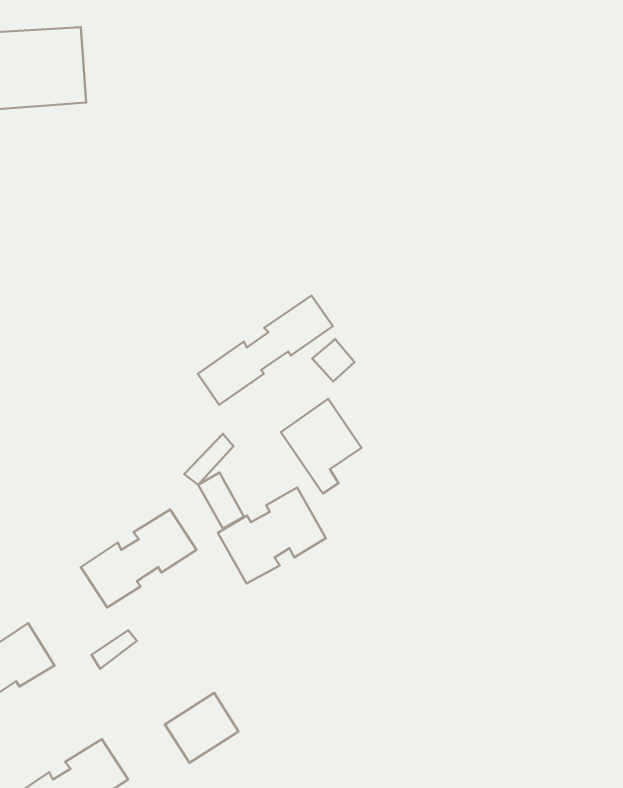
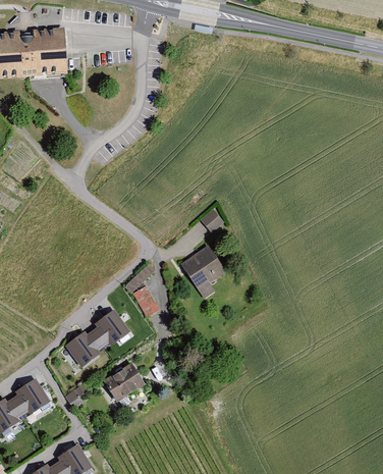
building: [198,295,333,405] -> none
building: [218,487,326,584] -> none
building: [165,693,239,763] -> [103,366,146,407]

